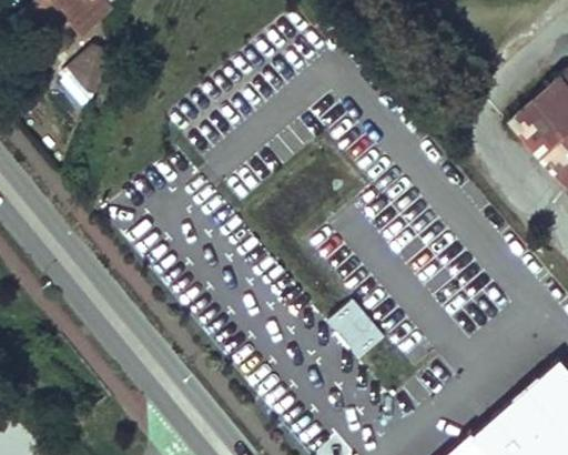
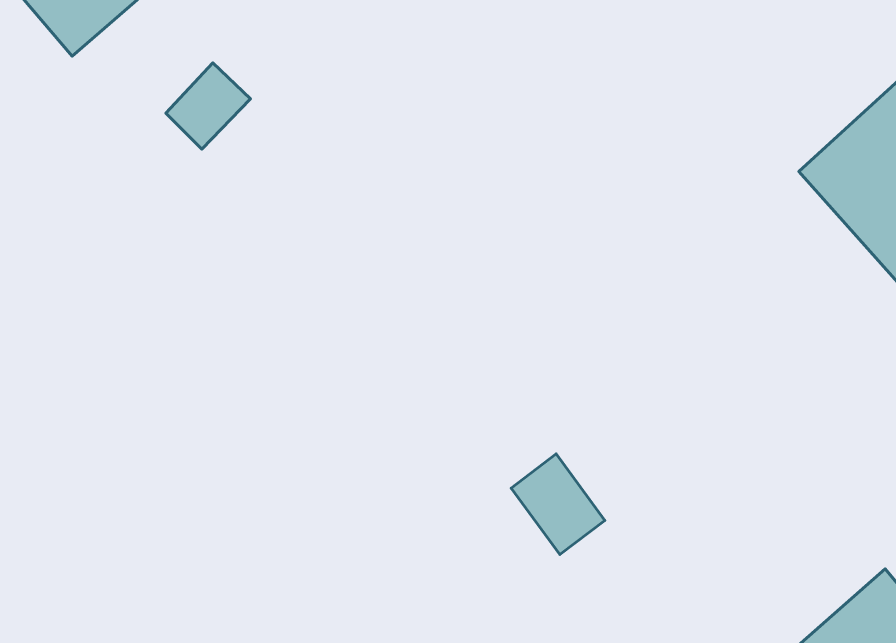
building: [68,36,120,89] -> [166,63,250,149]

